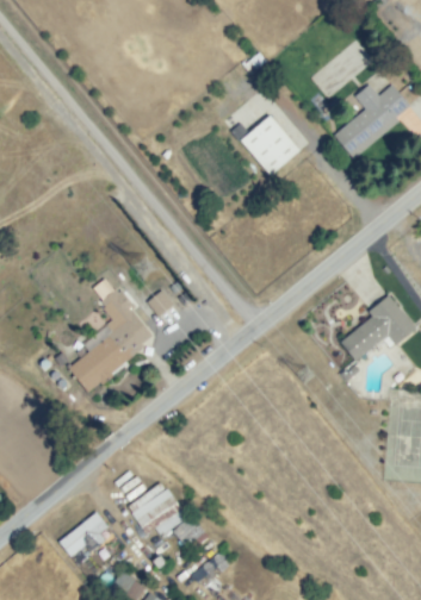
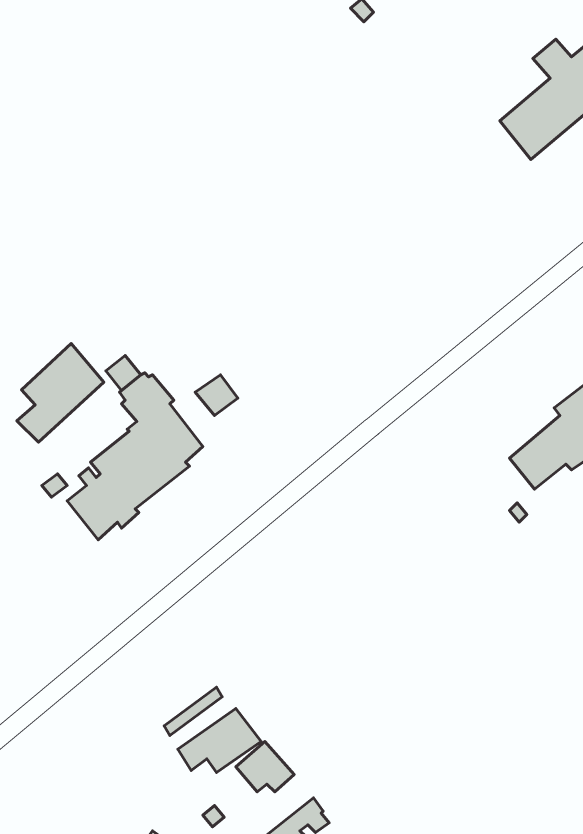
building: [240,114,299,175] -> none
building: none -> [17,344,104,442]
building: [60,512,107,556] -> none

